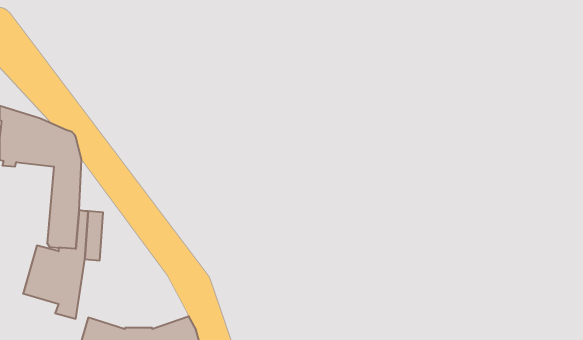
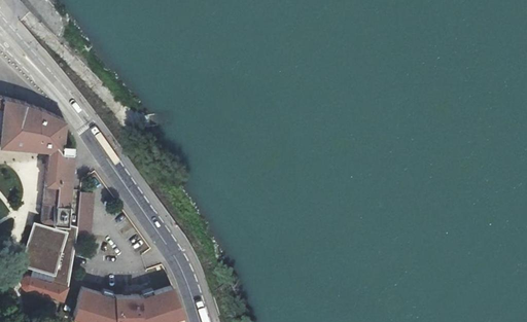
building: none -> [23,278,69,303]

